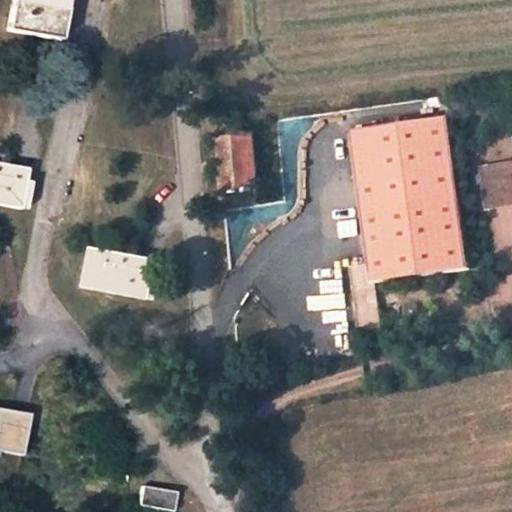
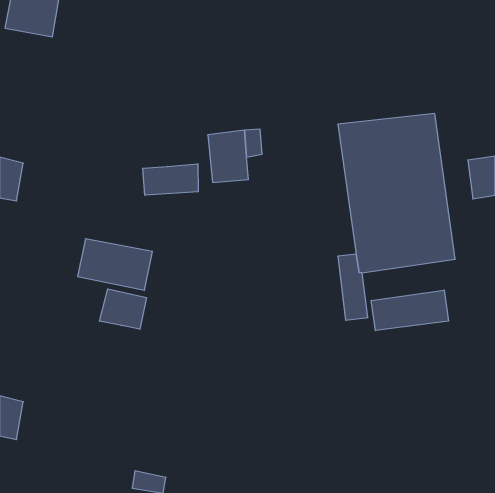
building: none -> [143,164,198,195]
building: none -> [100,289,146,329]
building: none -> [371,290,449,331]

